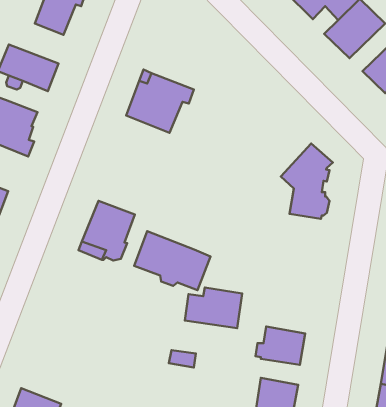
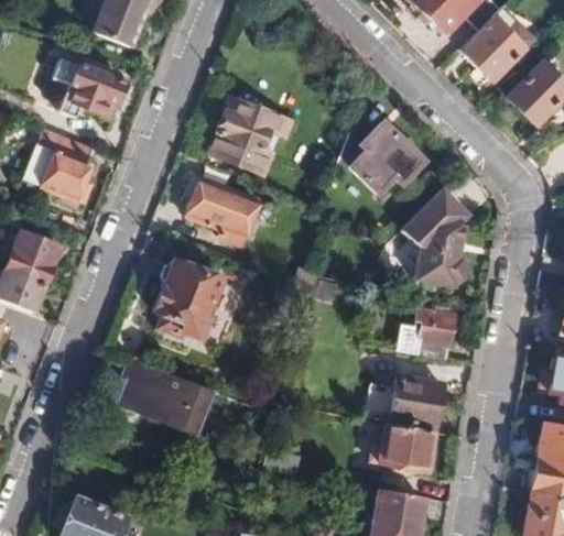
building: none -> [337,121,422,194]
building: none -> [184,179,261,247]
building: [134,231,211,290] -> [113,360,210,435]
building: none -> [400,305,457,354]
building: [185,287,242,328] -> [372,372,445,424]

